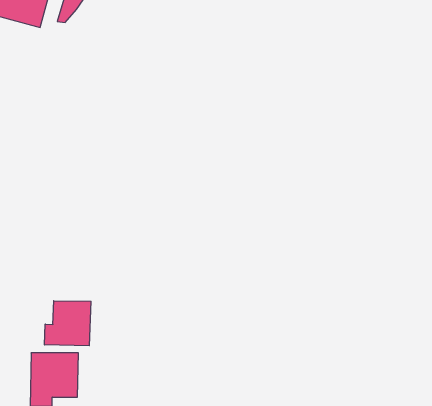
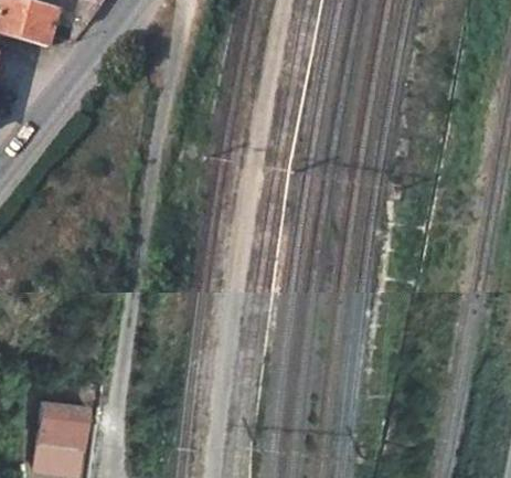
building: [45,301,91,346] -> none

